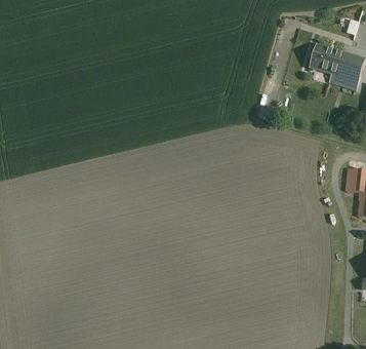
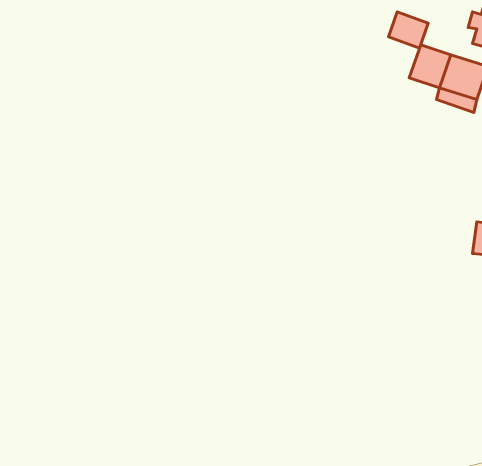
building: none -> [388,12,428,48]

